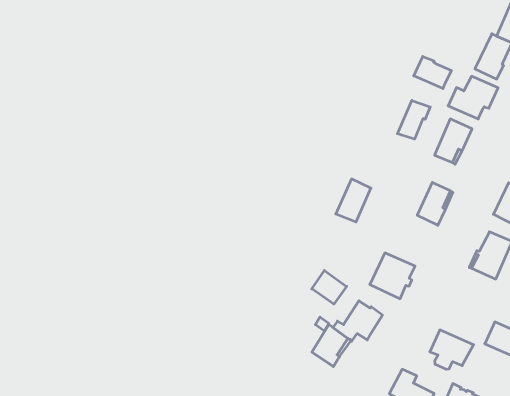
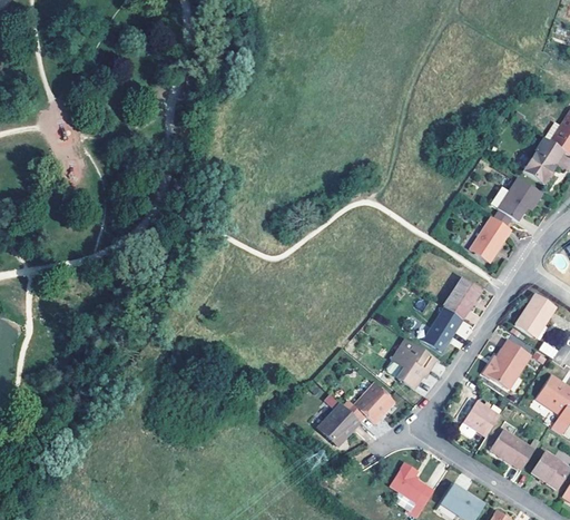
building: [414,56,451,89] -> none
building: [397,100,430,139] -> none
building: [336,179,371,222] -> [422,310,461,353]
building: [312,270,347,304] -> none
building: [430,330,474,369] -> [456,393,501,433]

